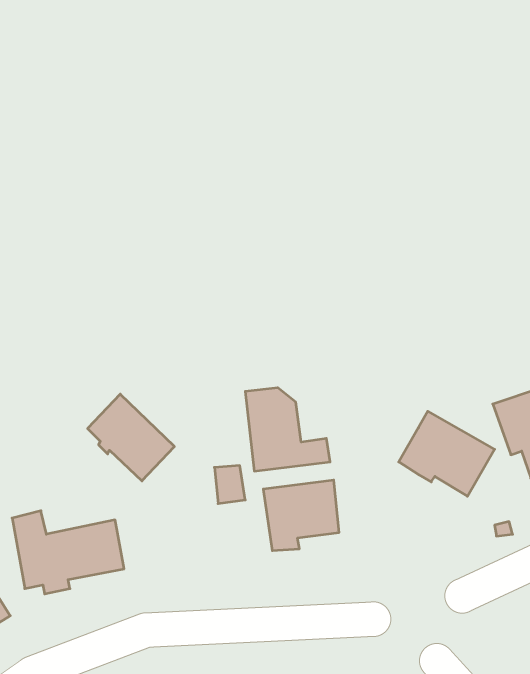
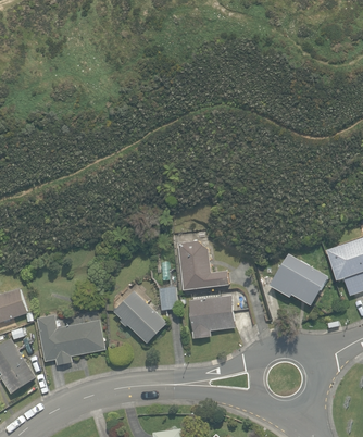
building: [88,394,174,481] -> [114,290,166,342]

